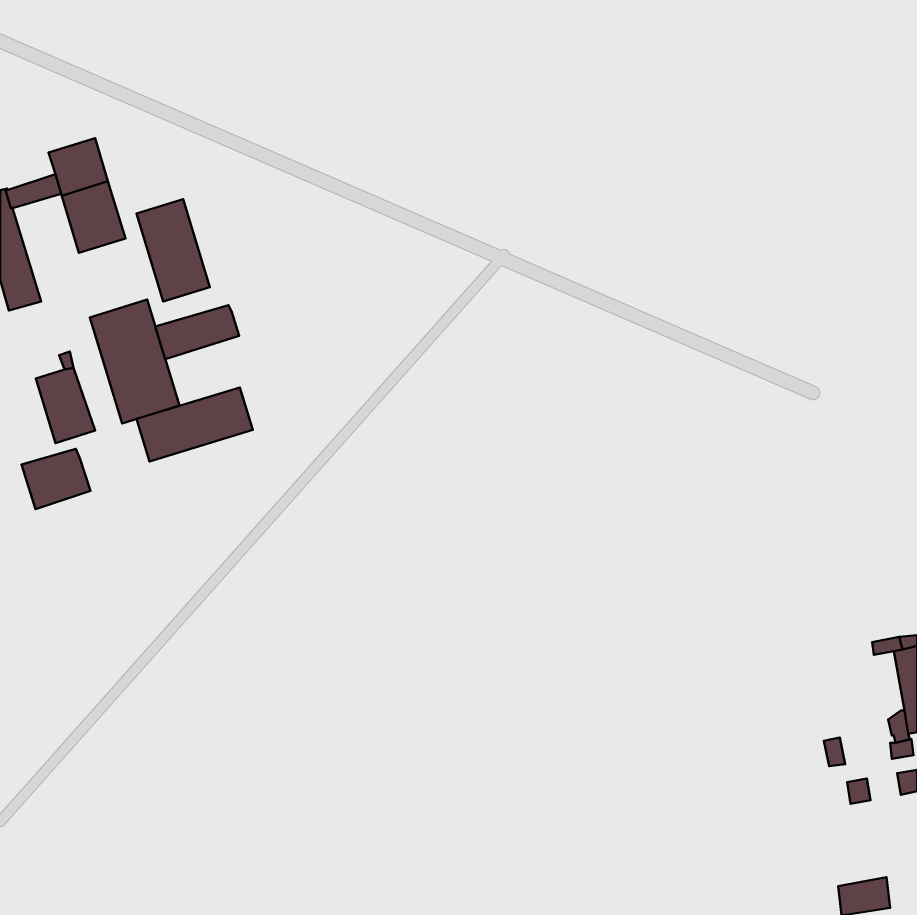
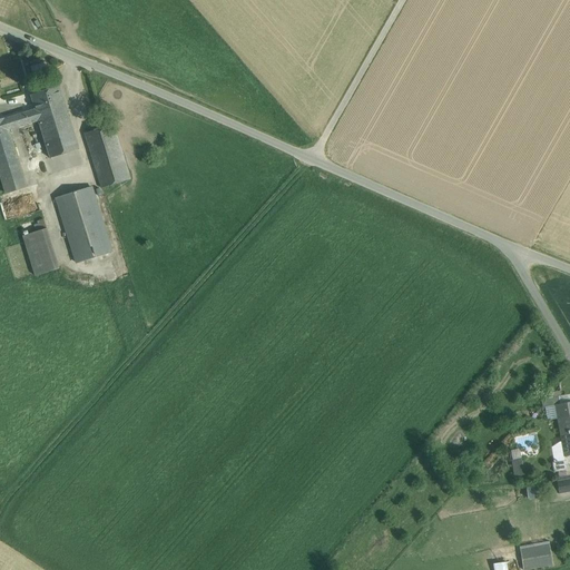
building: [155,305,239,359] -> none
building: [137,387,253,461] -> none
building: [21,449,90,509] -> none

